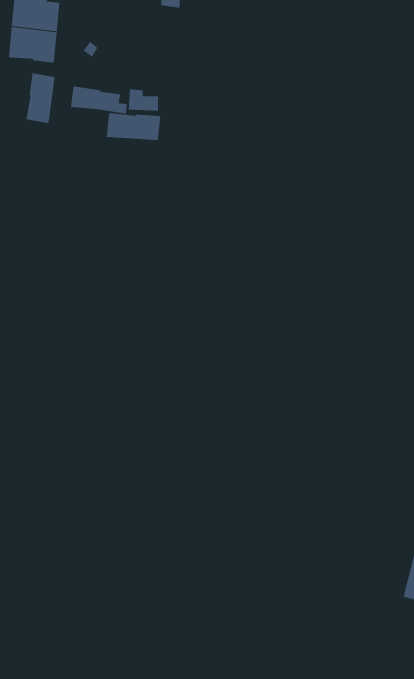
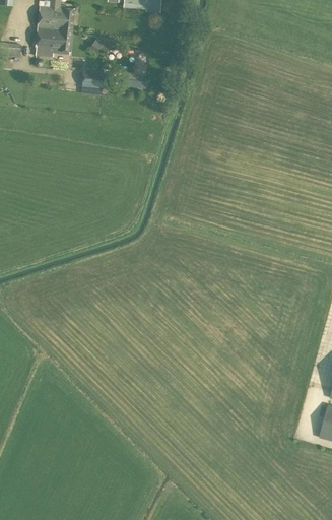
building: [26,73,55,124] -> none
building: [106,112,161,141] -> none

